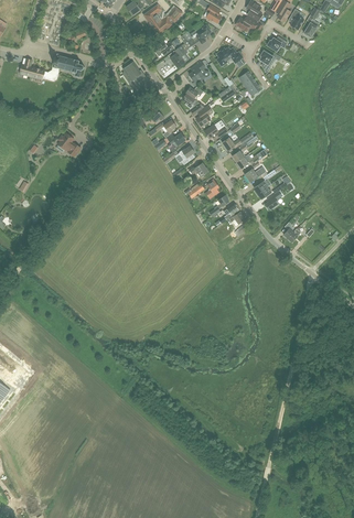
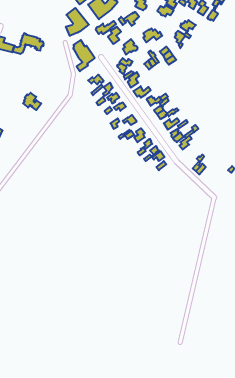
building: none -> [66,8,89,36]

